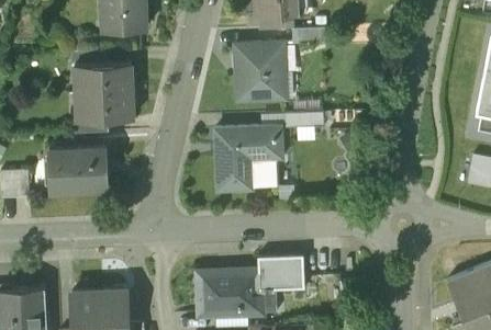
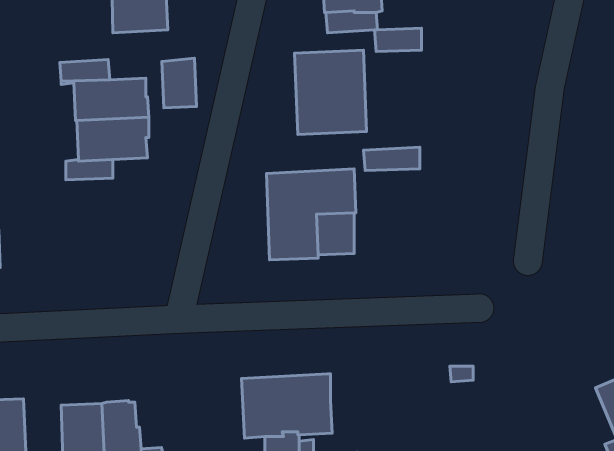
building: none -> [162,58,197,108]
building: [49,146,108,192] -> none
building: [258,253,303,288] -> none

